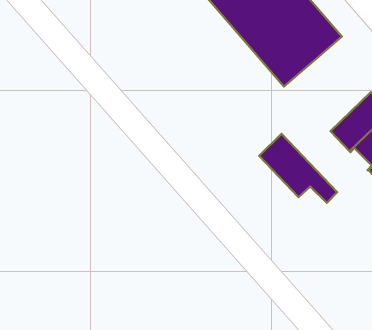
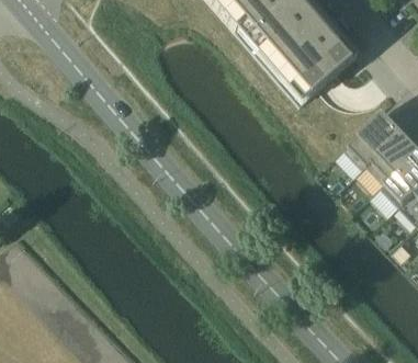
building: [259,134,337,203] -> none

